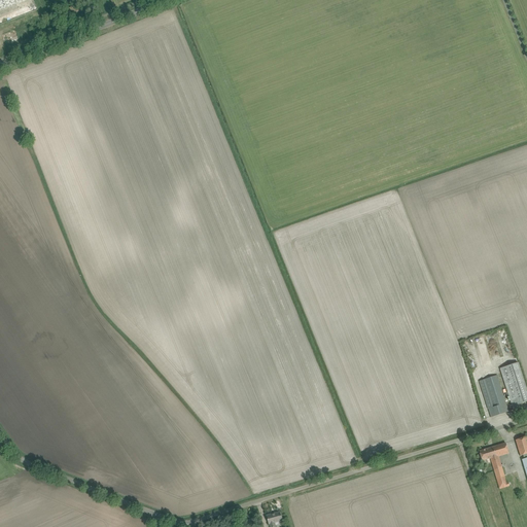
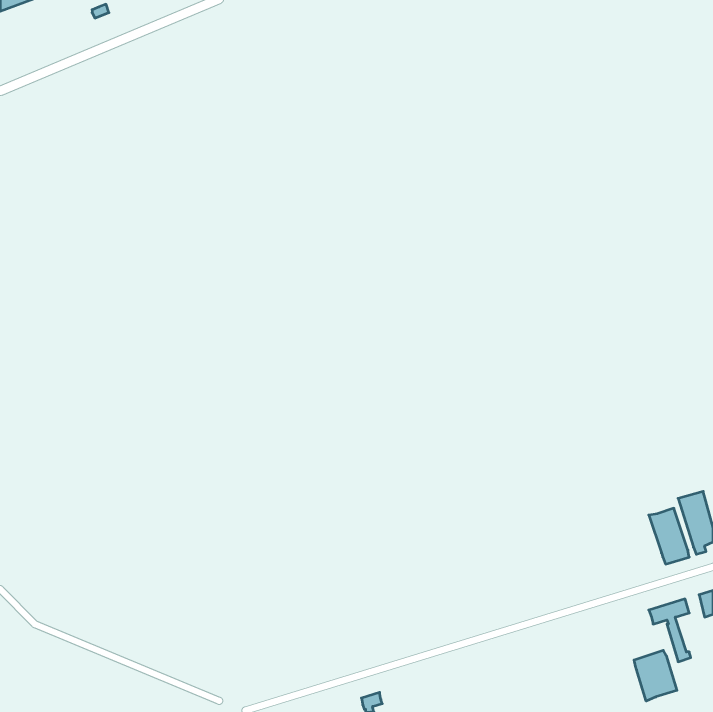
building: none -> [634,650,677,701]

